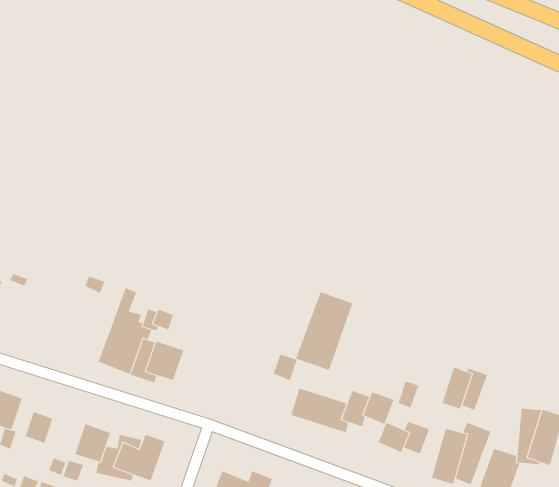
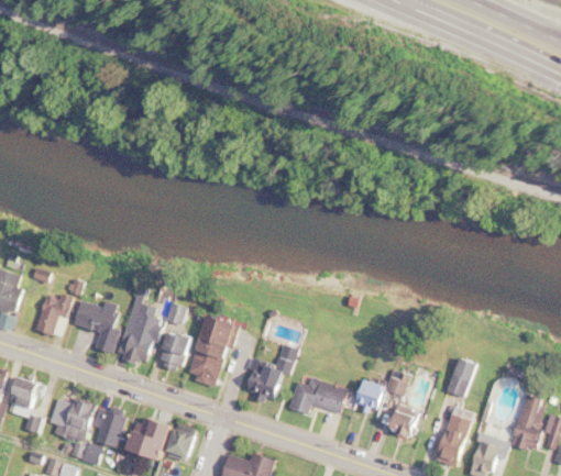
building: [295,291,353,371] -> [188,313,242,387]
building: none -> [32,294,74,336]
building: none -> [73,299,127,355]
building: none -> [244,358,289,402]
building: none -> [69,400,98,430]
building: none -> [169,429,198,460]

